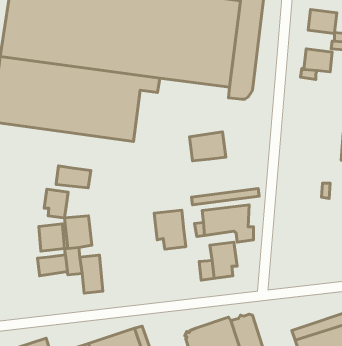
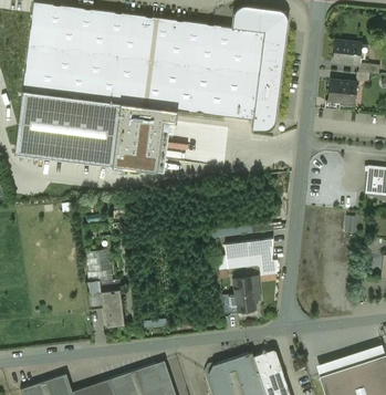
building: [189,132,226,161] -> none
building: [56,166,91,188] -> none
building: [44,189,68,218] -> none
building: [154,210,186,249] -> none
building: [39,224,65,251] -> none
building: [37,255,67,276] -> none

